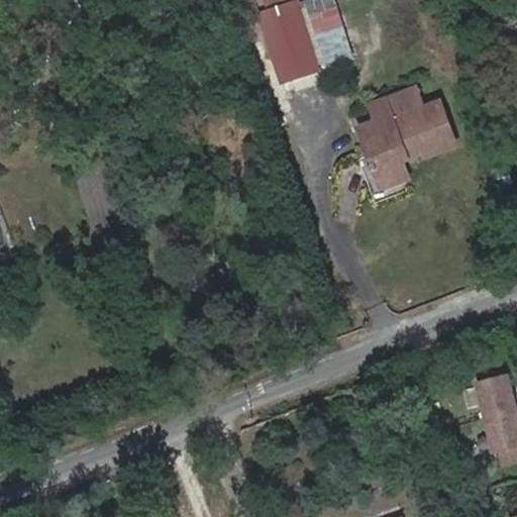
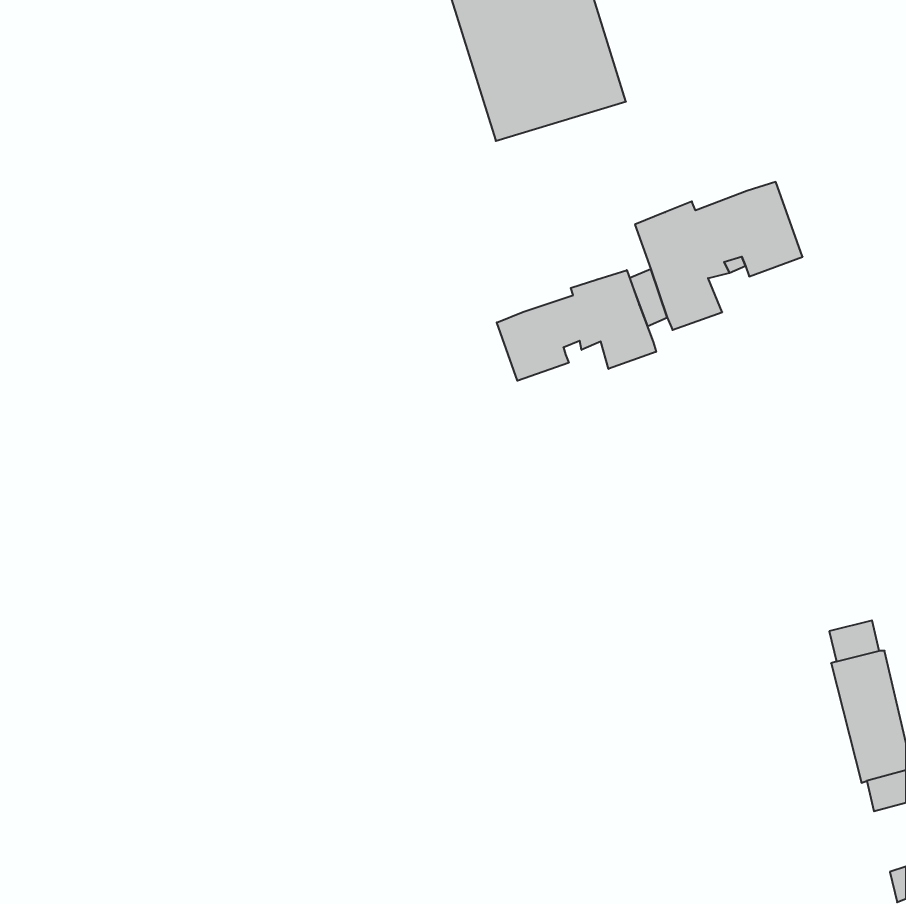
building: [371,88,423,120] -> none
building: none -> [497,270,656,381]

